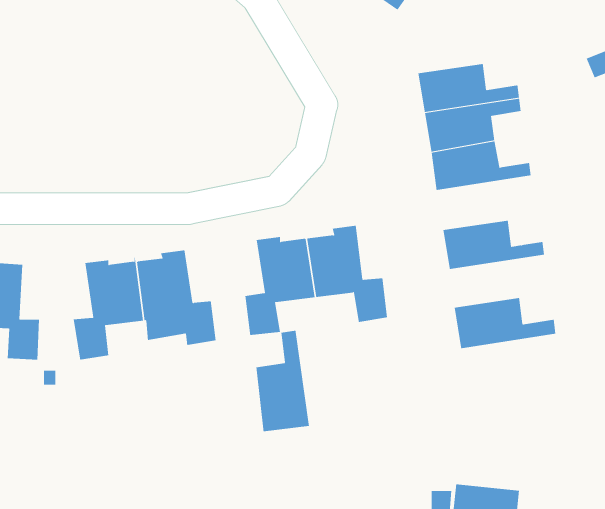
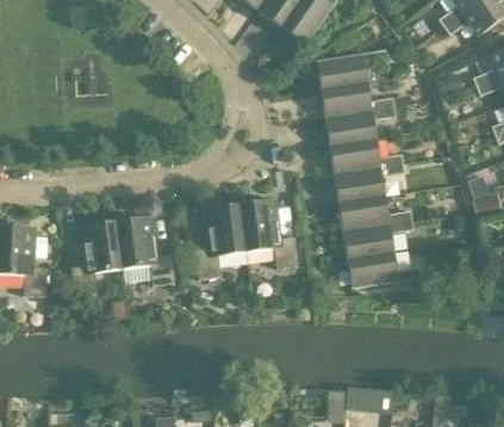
building: none -> [316,49,386,88]
building: none -> [332,162,404,202]
building: none -> [342,219,412,258]
building: [256,330,309,432] -> none

